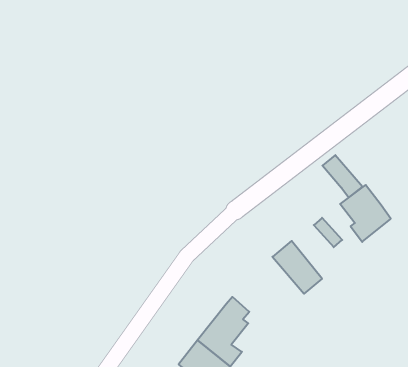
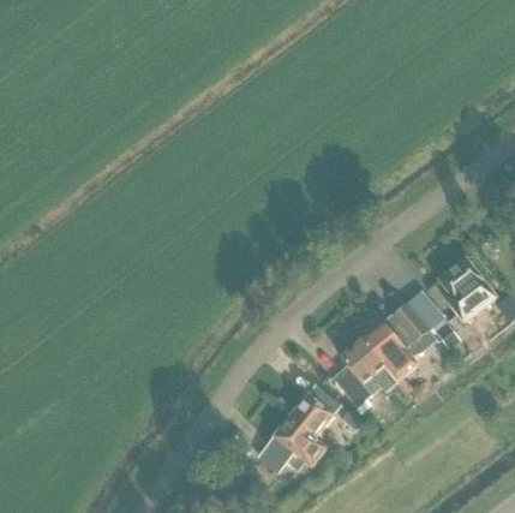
building: [322,155,363,197] -> [391,303,437,351]
building: none -> [333,338,396,405]

